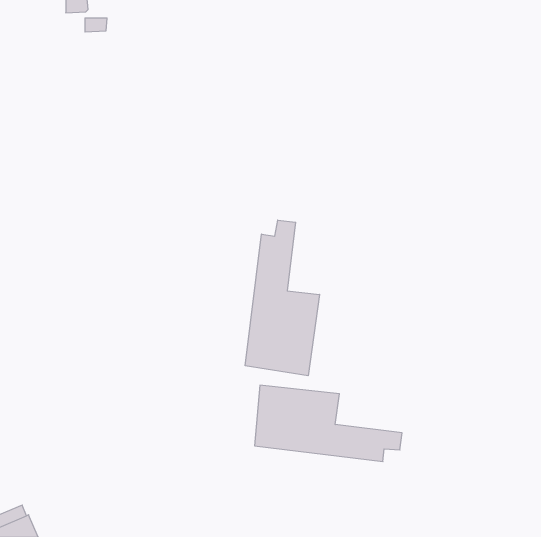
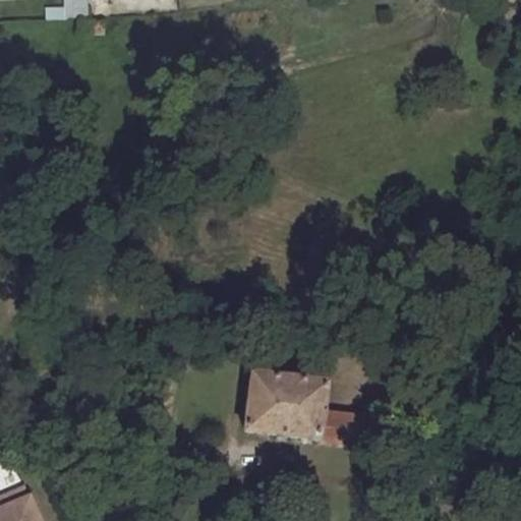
building: [245,220,320,376] -> none

